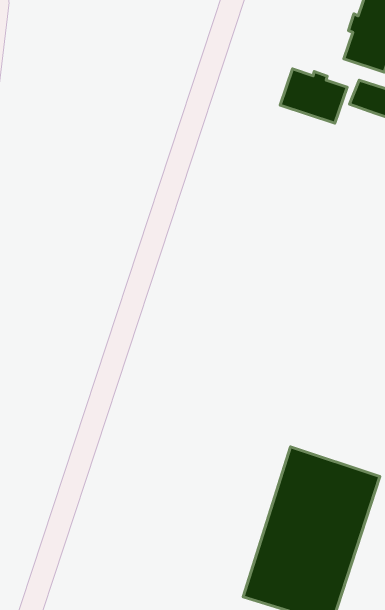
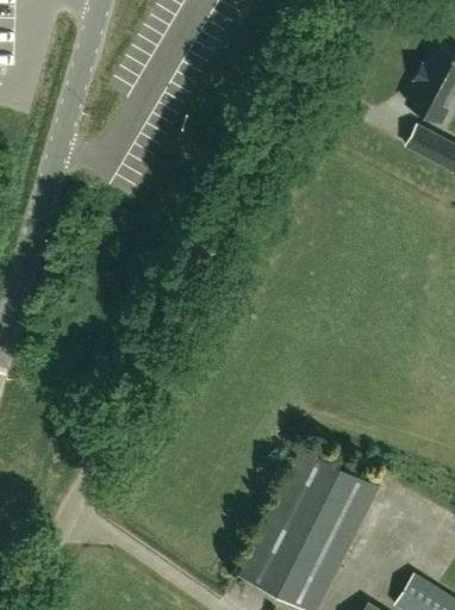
building: [280,69,347,123] -> none

